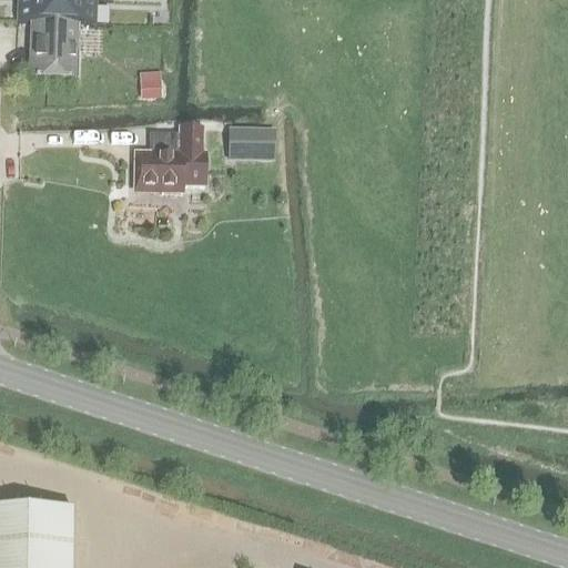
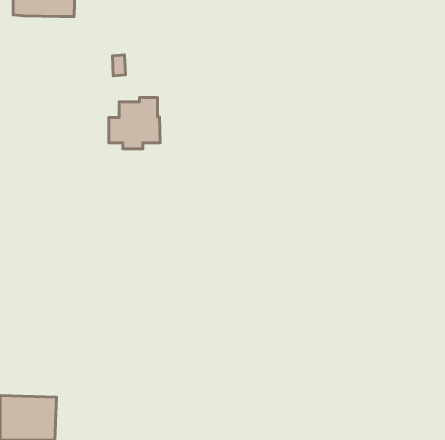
building: [28,21,78,81] -> none
building: [227,125,274,158] -> none

